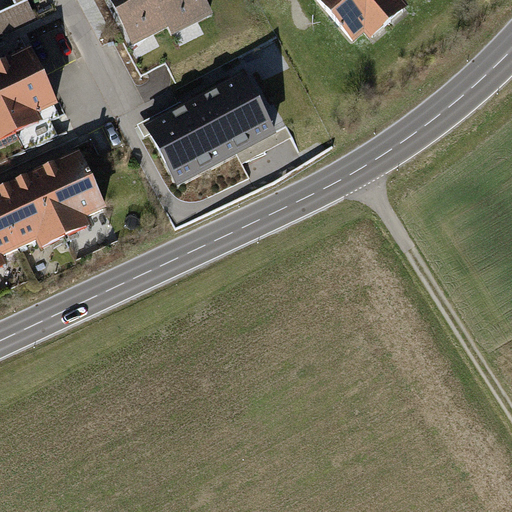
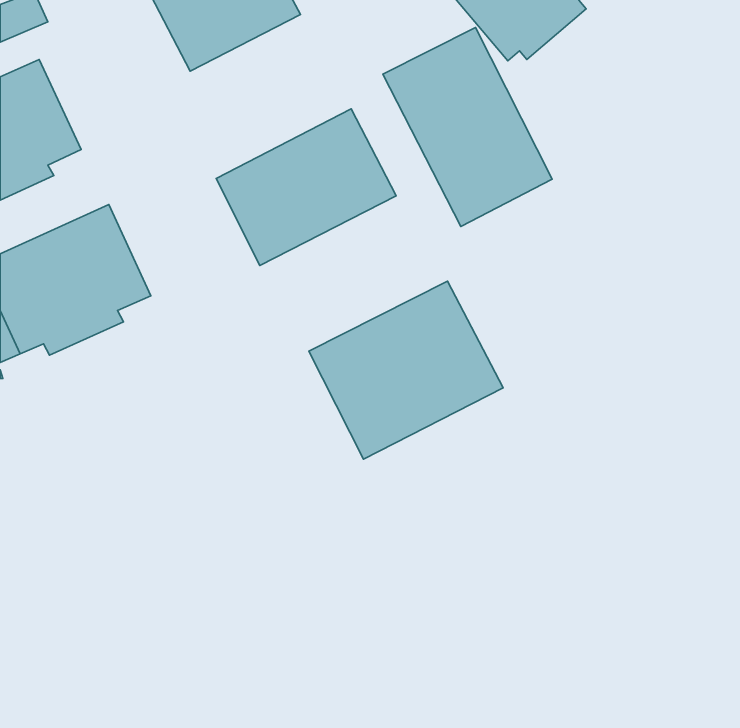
building: none -> [383,27,552,227]
building: none -> [309,281,503,459]

